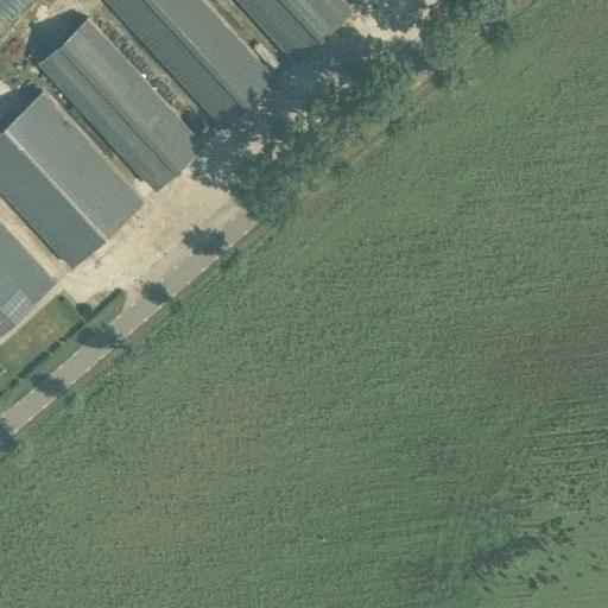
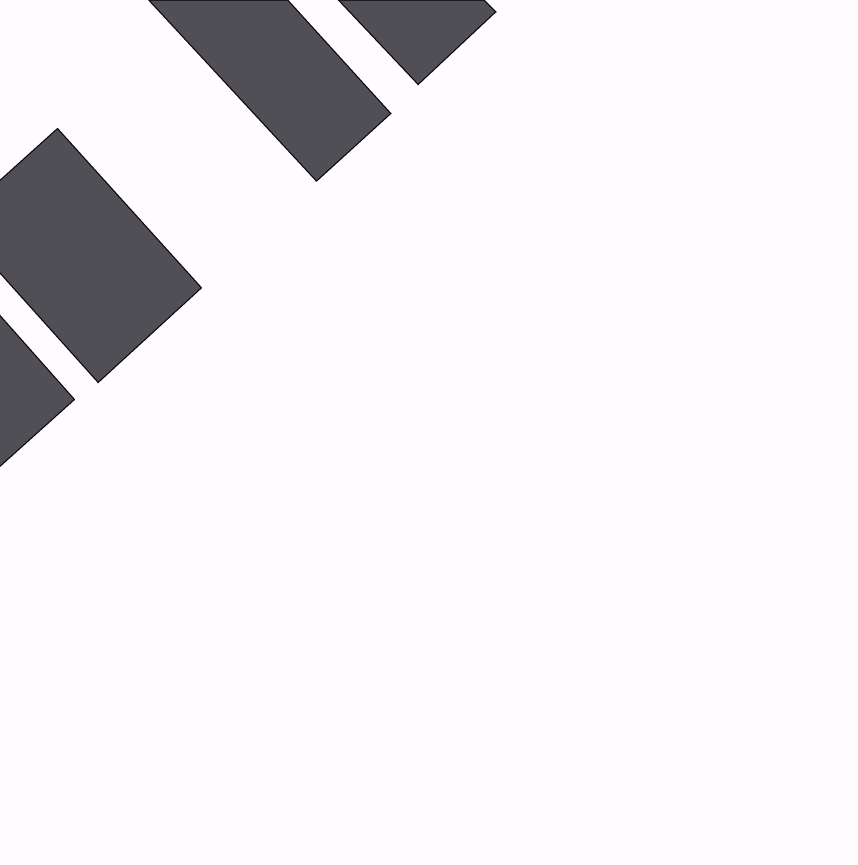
building: [37,17,203,190] -> none

